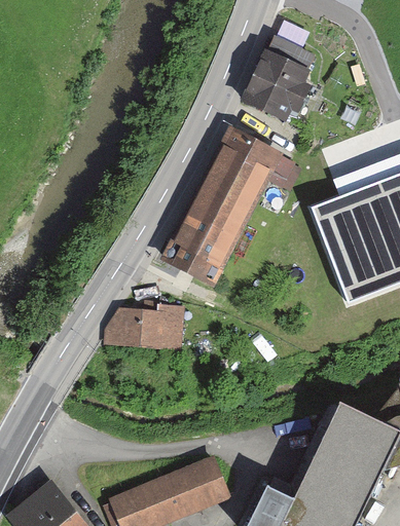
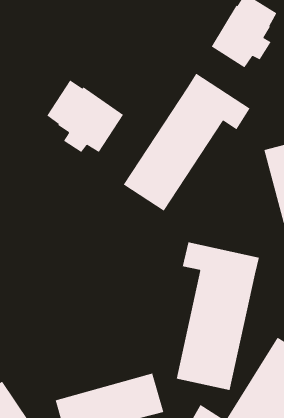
building: none -> [46,80,124,153]
building: [103,300,203,354] -> none
building: none -> [176,242,260,391]

